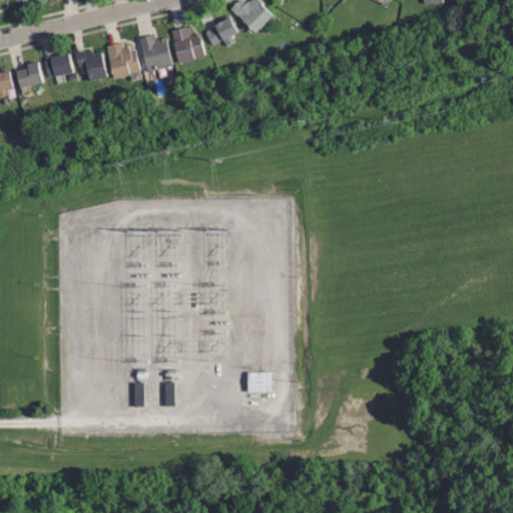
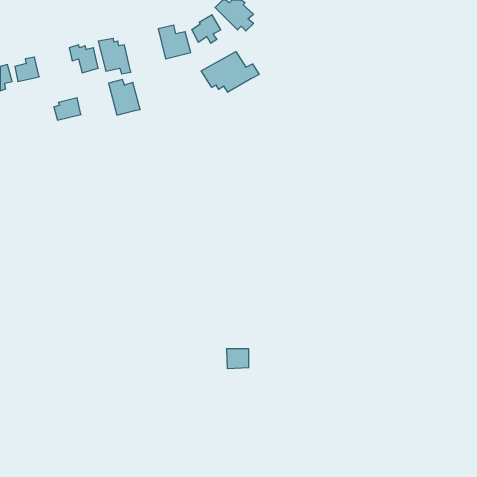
building: [138,31,172,69] -> [109,80,140,115]
building: [43,52,72,76] -> [54,98,81,120]
building: none -> [201,52,259,92]

